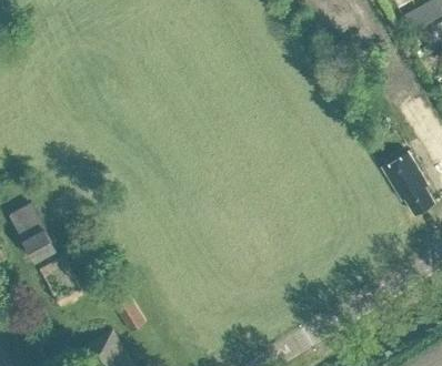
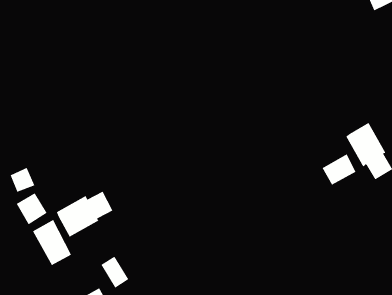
building: none -> [322,154,356,185]
building: none -> [56,191,113,237]

